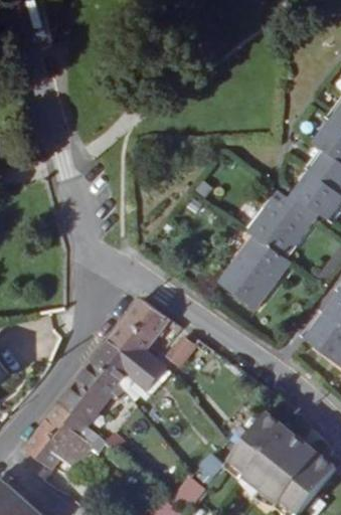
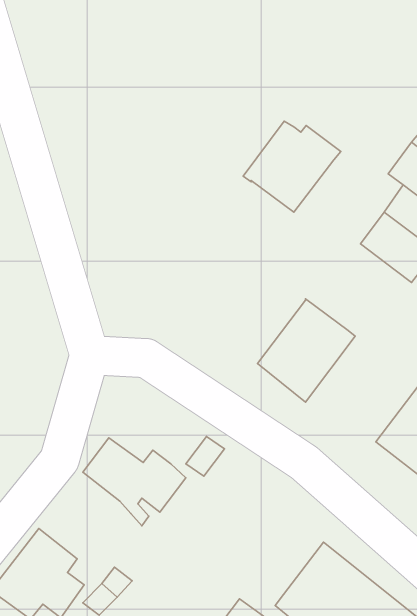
building: [246,191,318,258] -> [243,121,341,212]
building: [109,297,178,355] -> none
building: [57,361,125,425] -> none

